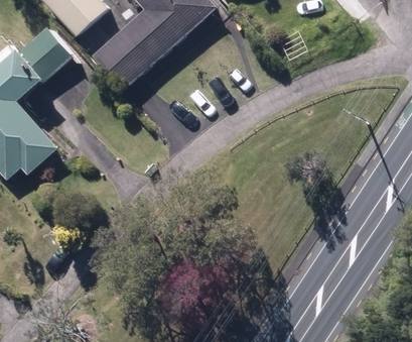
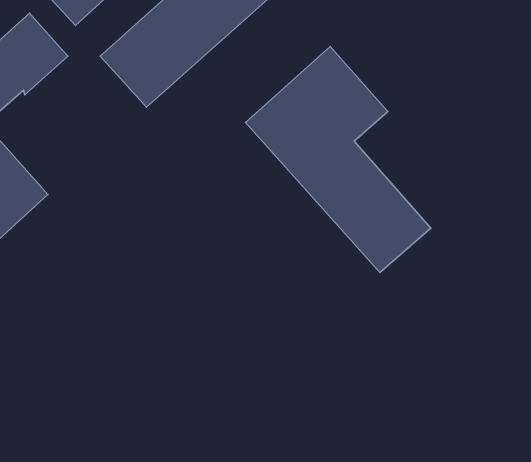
building: none -> [245,47,431,273]

